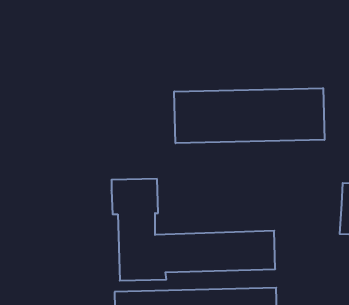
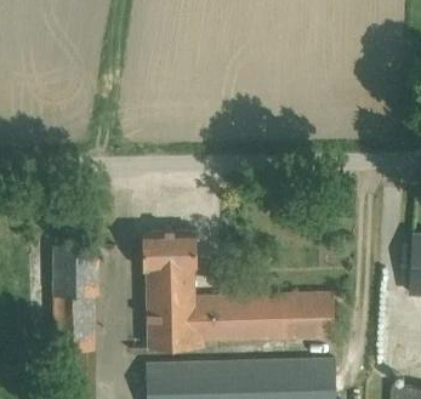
building: [174,88,324,143] -> none
building: none -> [53,245,98,352]

